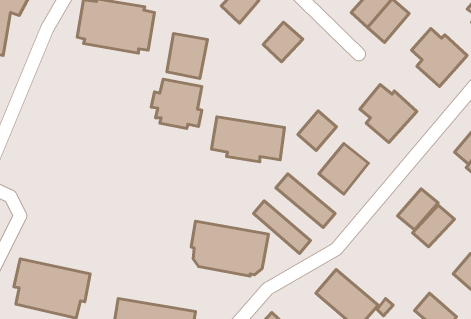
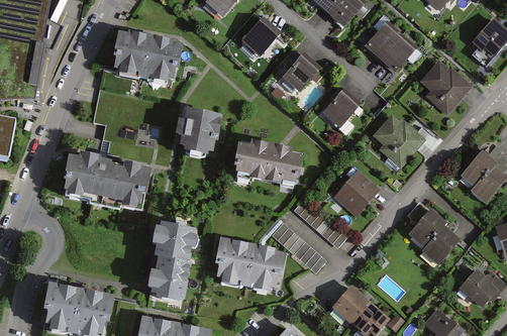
building: [167,34,208,79] -> none
building: [298,111,336,151] -> [321,91,358,128]
building: none -> [60,156,148,209]
building: none -> [148,224,192,301]

